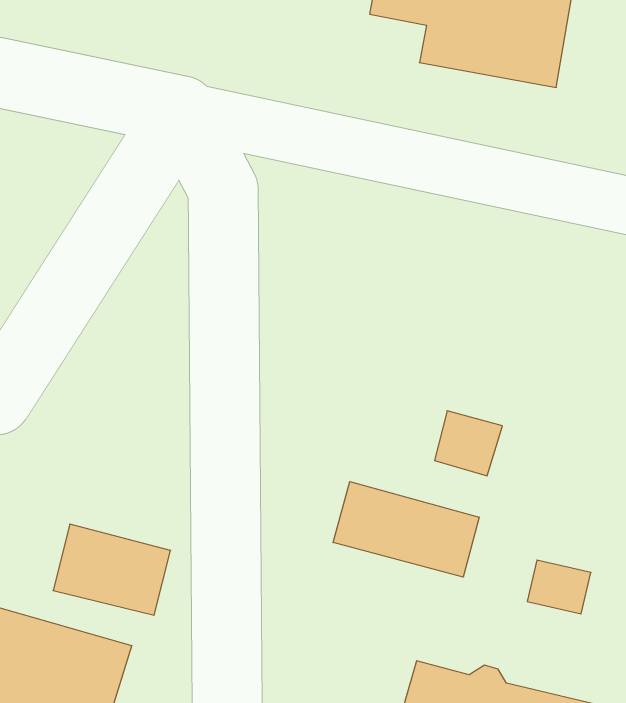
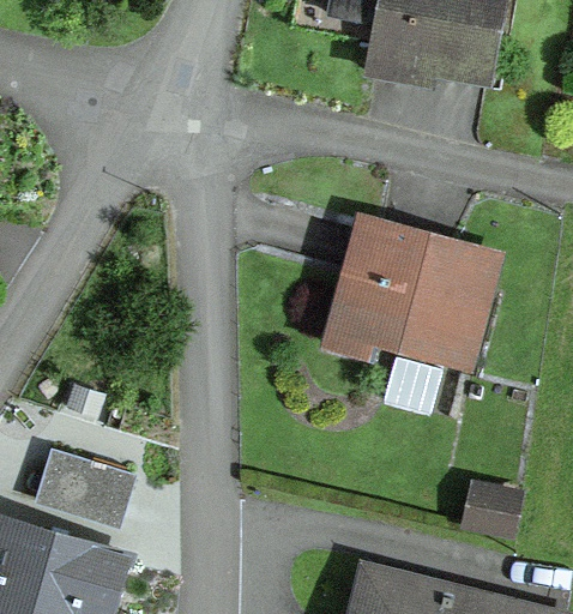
building: none -> [326,225,490,361]
building: [333,482,479,577] -> none

